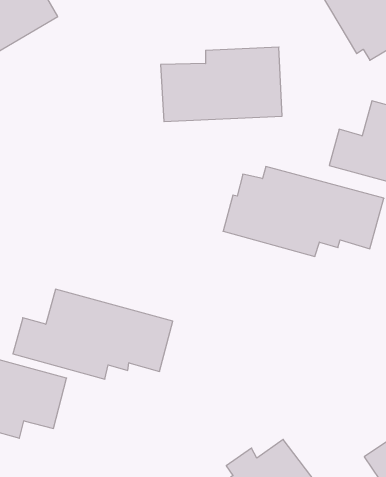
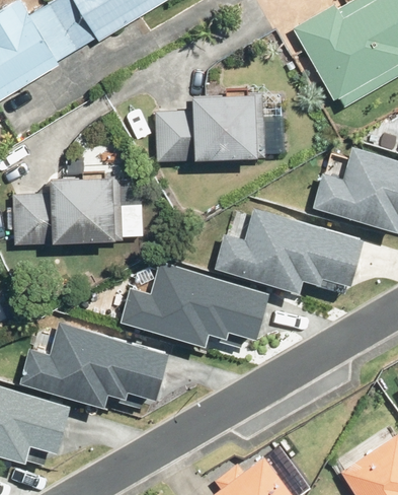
building: none -> [11,180,123,248]
building: none -> [116,260,265,343]

